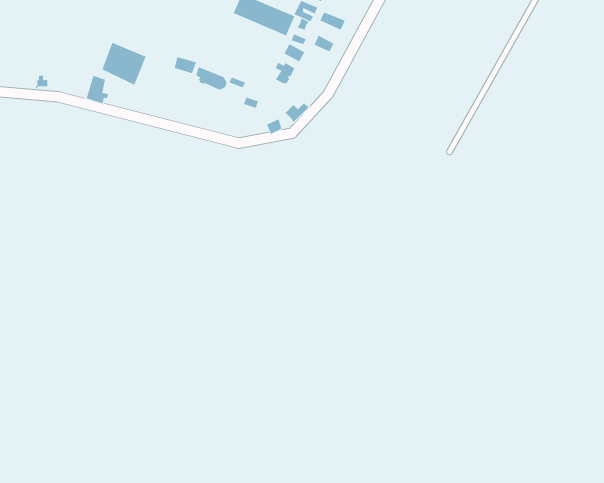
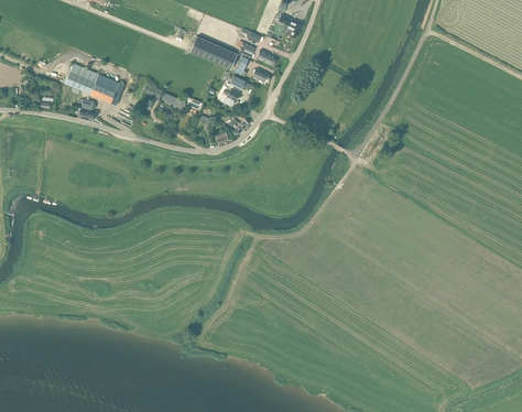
building: none -> [64,62,98,94]

